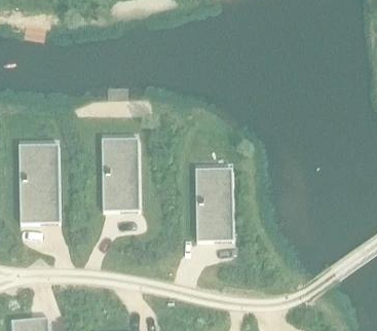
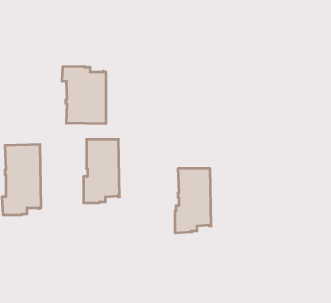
building: none -> [62,66,106,124]

